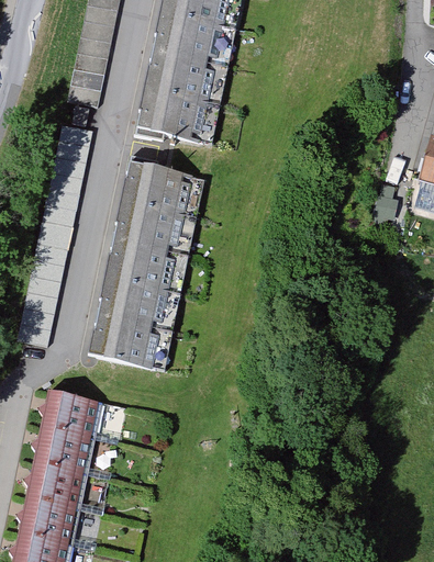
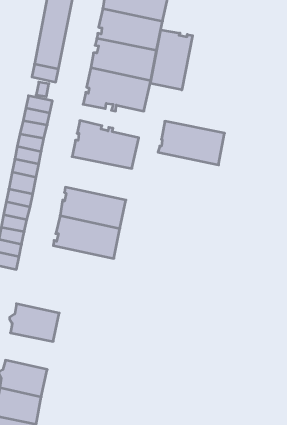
building: none -> [150,30,193,90]
building: [110,201,196,257] -> [158,121,225,165]
building: [87,315,173,370] -> none
building: [31,427,94,474] -> none

